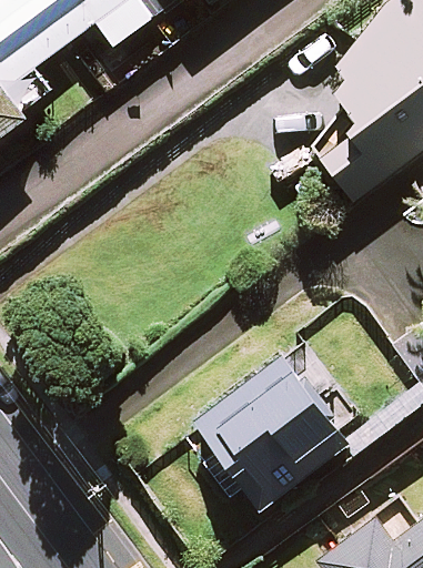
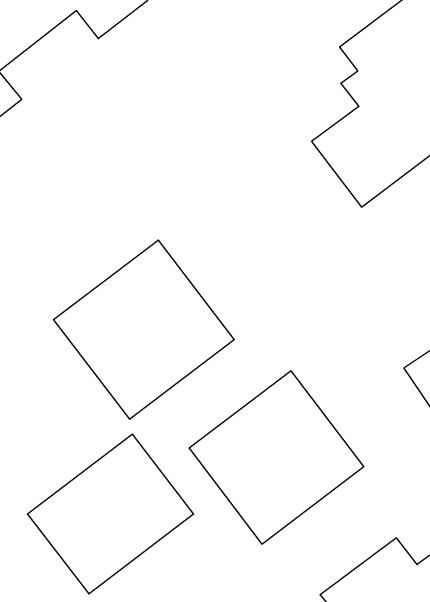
building: none -> [54,240,234,419]
building: none -> [28,434,194,594]

